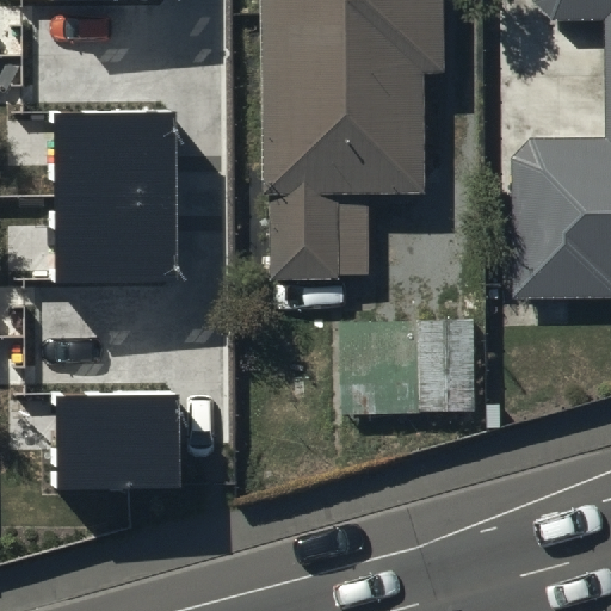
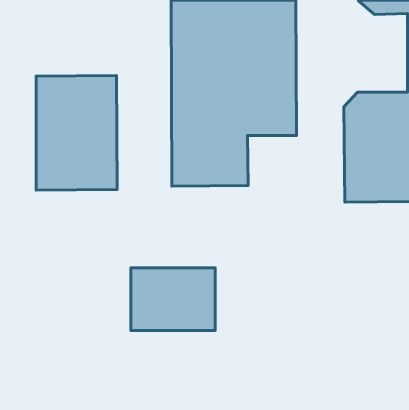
building: [342,321,476,425] -> none
building: [57,393,183,486] -> [131,268,215,330]

